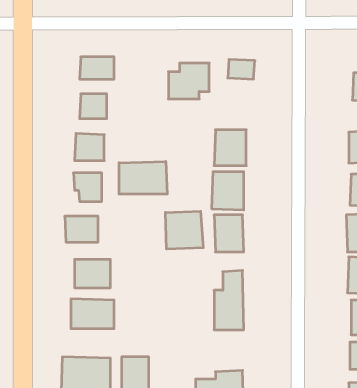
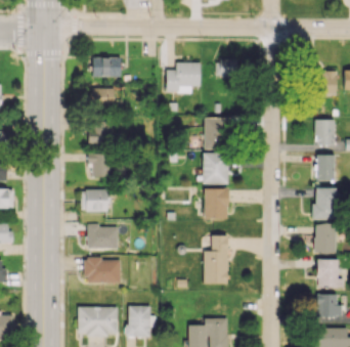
building: [119,161,167,194] -> none
building: [165,211,203,249] -> none

